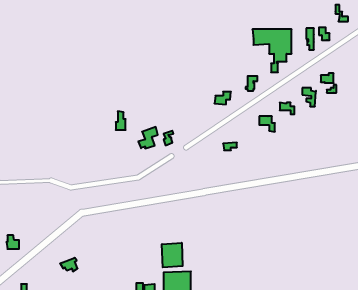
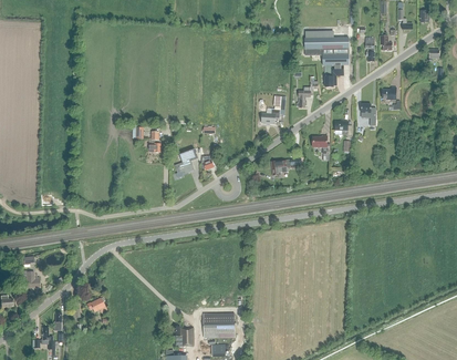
building: [162,243,183,267] -> none

